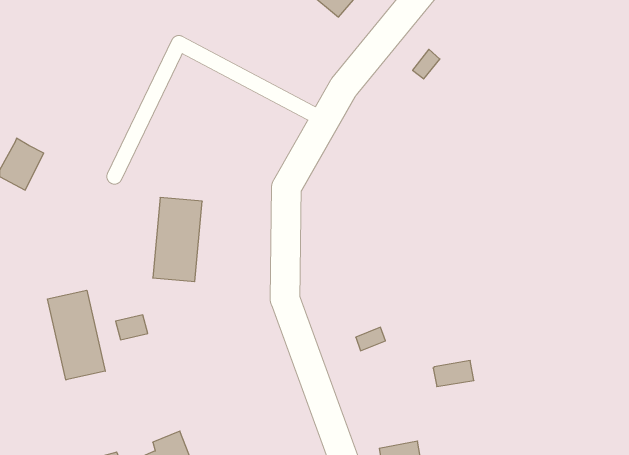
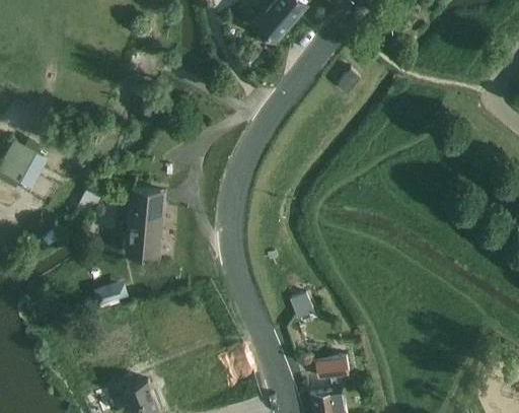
building: [48,290,105,380] -> none
building: [433,361,474,387] -> [316,357,350,378]

